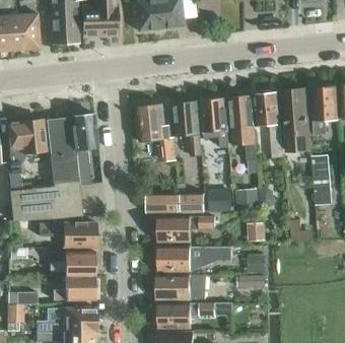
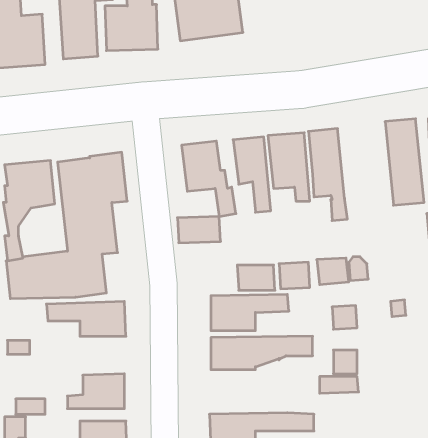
building: [256,92,283,156] -> none
building: [147,194,179,213] -> [177,216,221,243]
building: [49,251,95,274] -> none
building: [156,275,204,299] -> none

